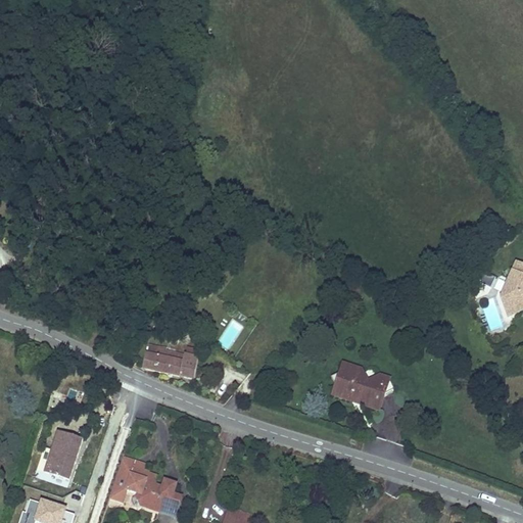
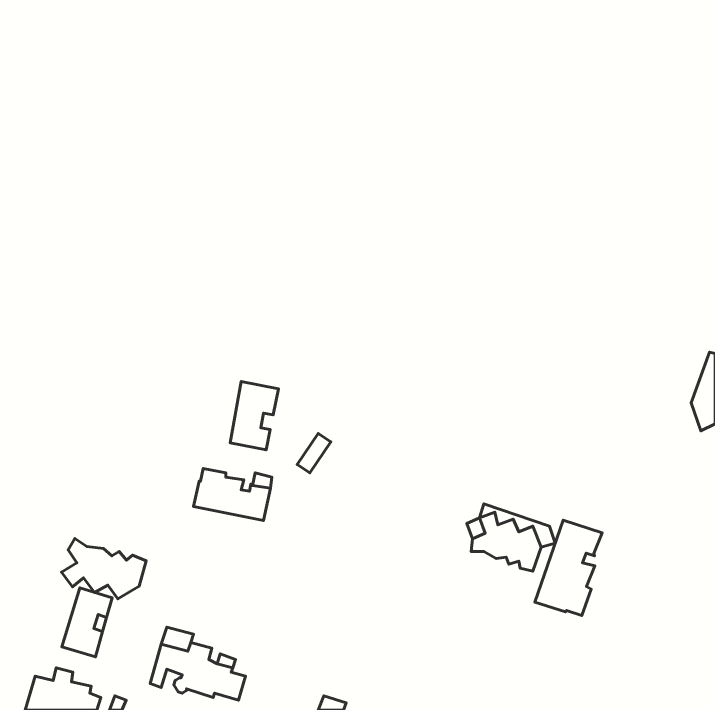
building: none -> [230,381,279,450]
building: none -> [535,520,602,615]
building: none -> [62,538,146,599]

